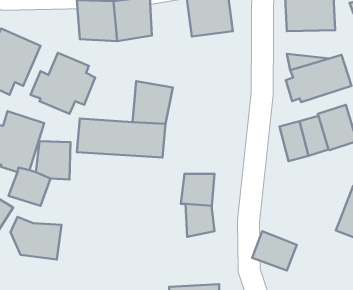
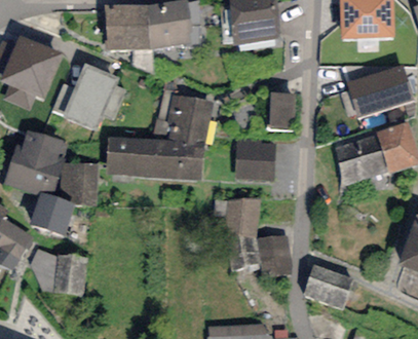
building: none -> [268,92,296,128]
building: none -> [234,140,274,182]
building: none -> [257,235,291,274]

